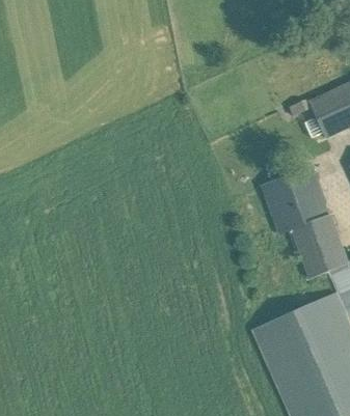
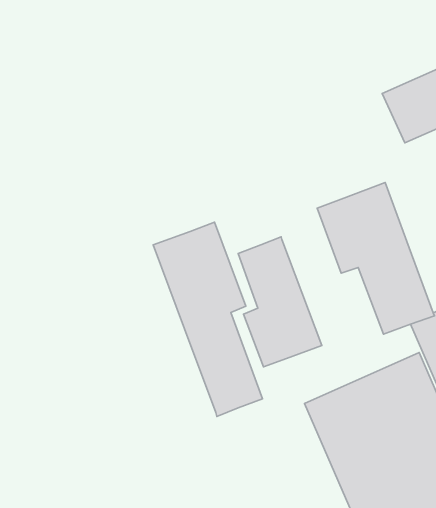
building: none -> [153,222,262,416]
building: none -> [238,237,322,367]

